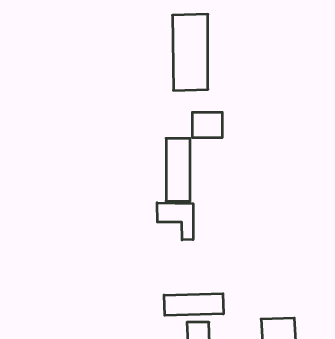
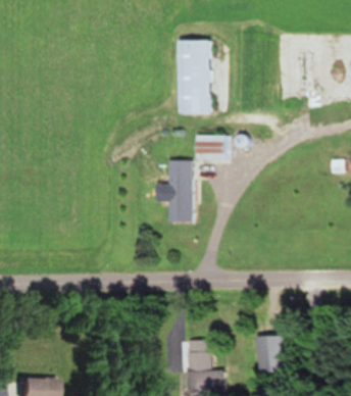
building: [157,203,193,240] -> none
building: [164,294,223,315] -> none

